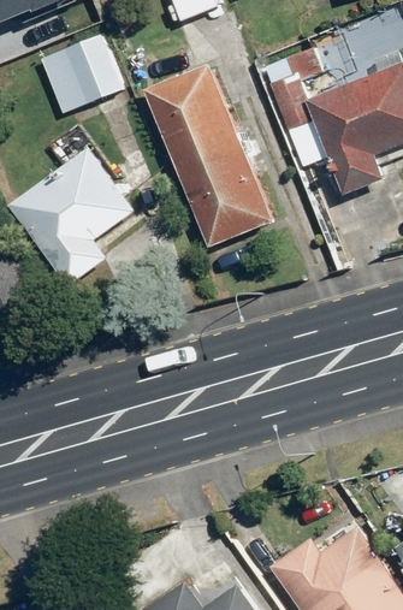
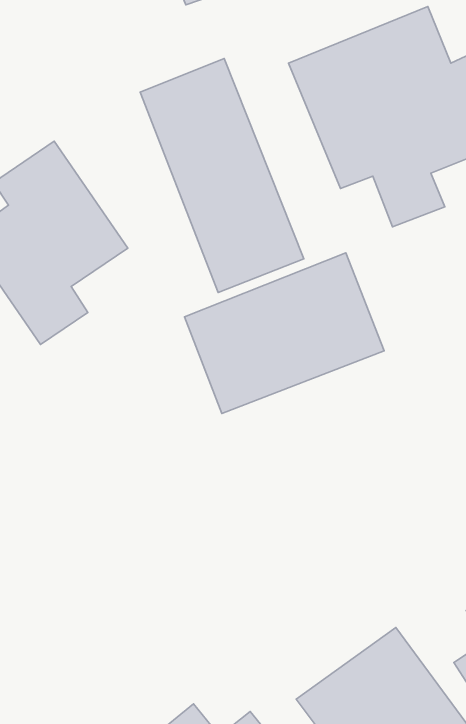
building: [40,34,120,118] -> none
building: none -> [184,253,384,414]

